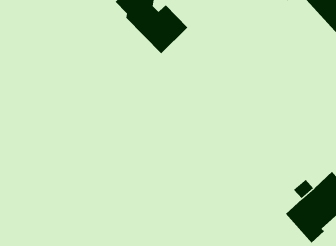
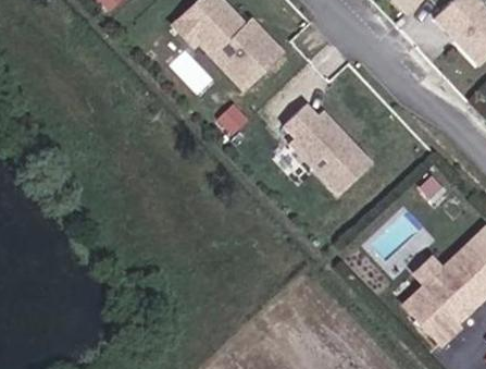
building: none -> [283,104,370,192]

